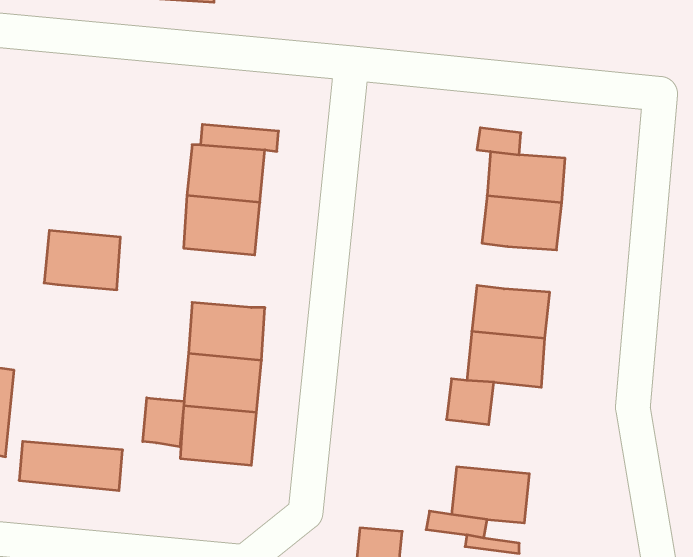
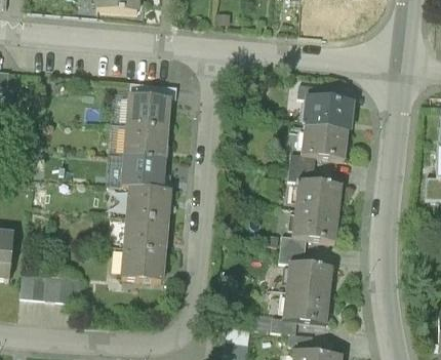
building: [44,230,120,290] -> [118,158,164,194]
building: none -> [290,154,317,183]
building: [143,398,184,447] -> none
building: none -> [286,263,333,294]

